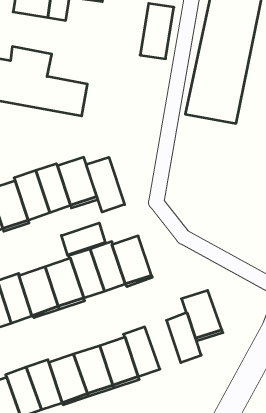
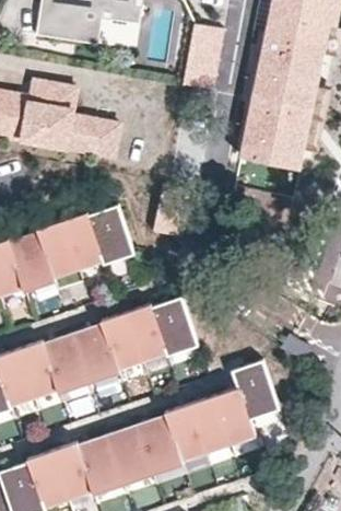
building: [86,157,125,212] -> none
building: [61,223,105,256] -> none
building: none -> [189,396,231,453]

